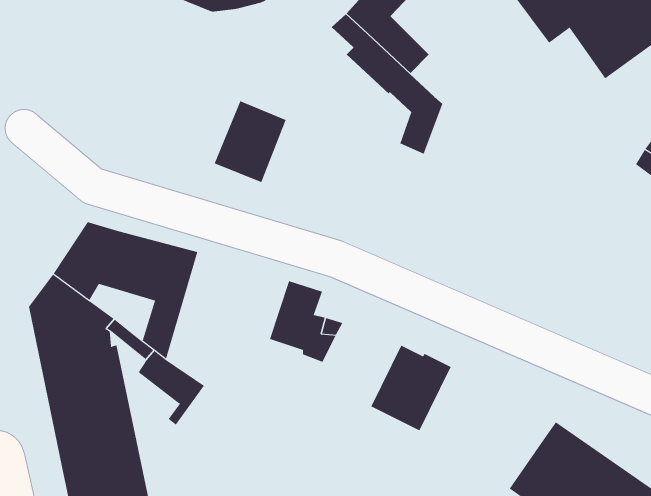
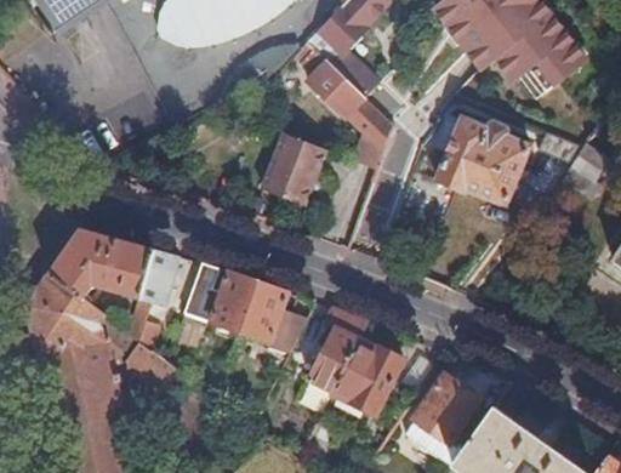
building: none -> [438,115,532,205]
building: [214,101,287,183] -> [263,132,327,205]
building: none -> [182,262,258,334]
building: none -> [298,308,368,411]
building: none -> [404,374,486,466]

